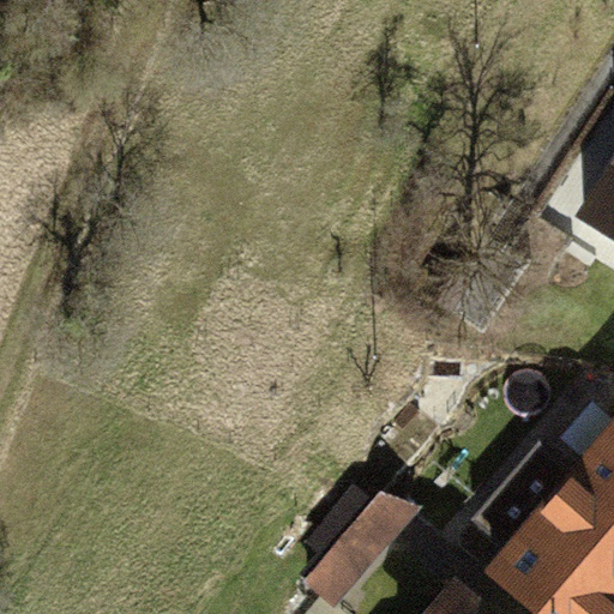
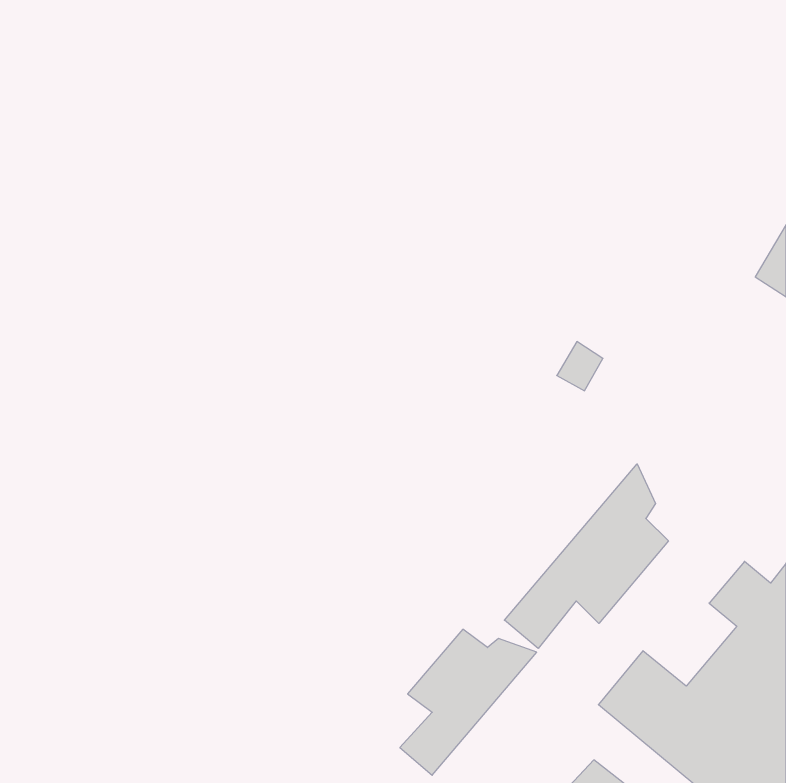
building: none -> [504,464,668,648]

